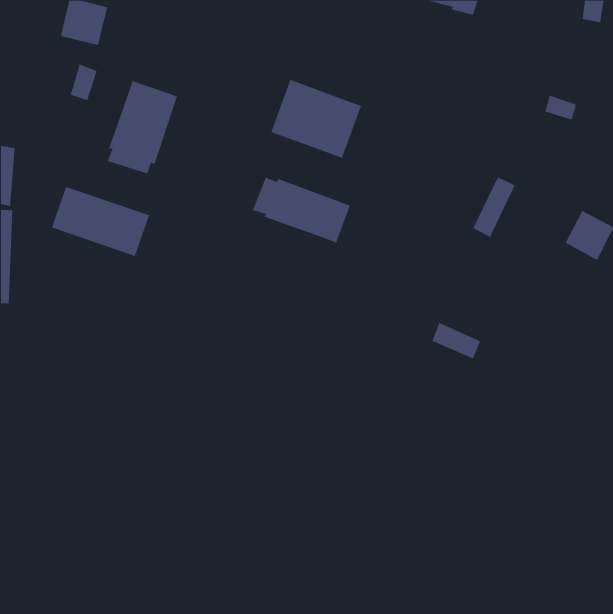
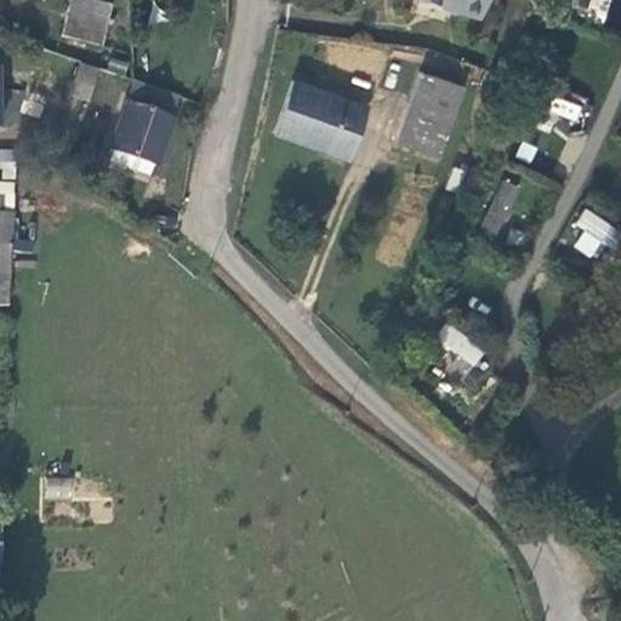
building: none -> [395,72,465,159]
building: [252,177,350,243] -> none
building: [51,186,150,257] -> none

